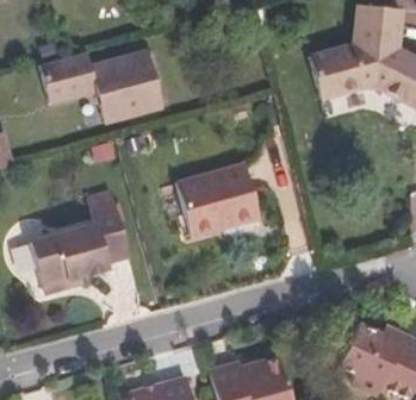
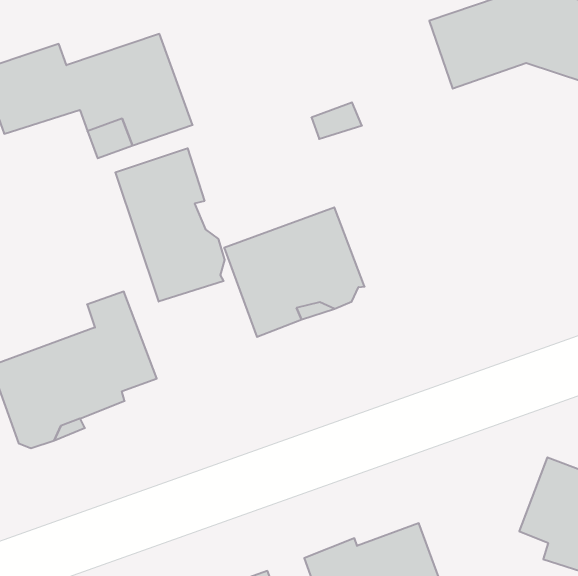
building: none -> [115,148,225,302]

